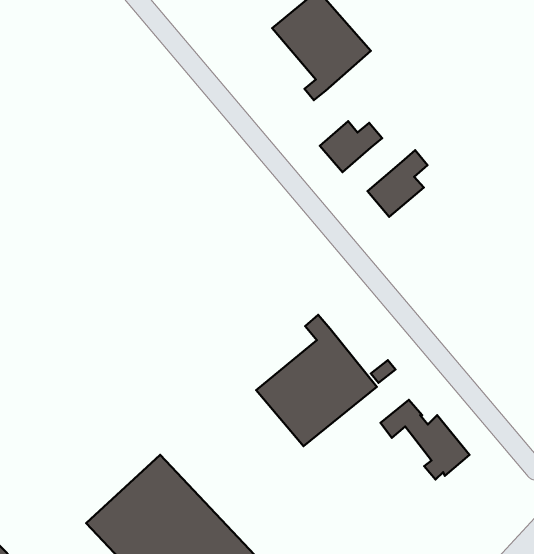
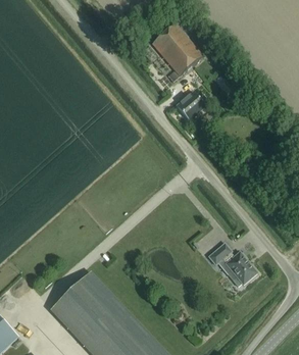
building: [367,150,428,217] -> none
building: [256,315,377,446] -> none

